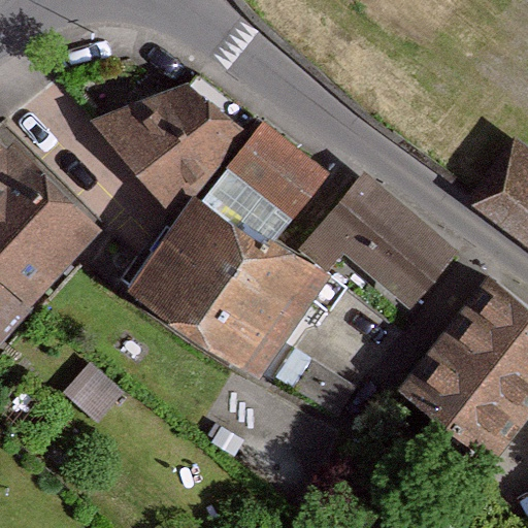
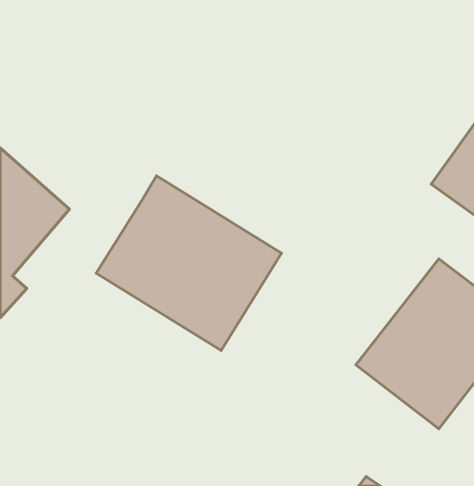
building: [101,82,245,218] -> none
building: [228,120,328,216] -> none
building: [305,174,456,302] -> none

